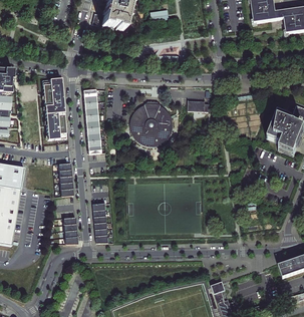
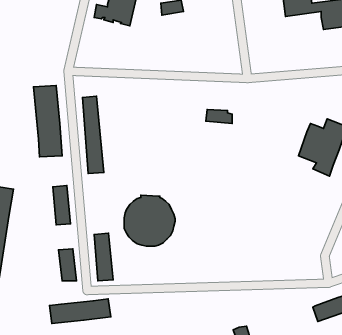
building: [131,101,175,144] -> [124,195,175,246]
building: none -> [49,299,111,323]

